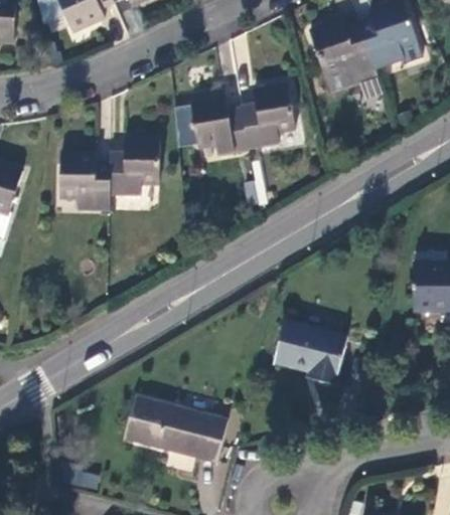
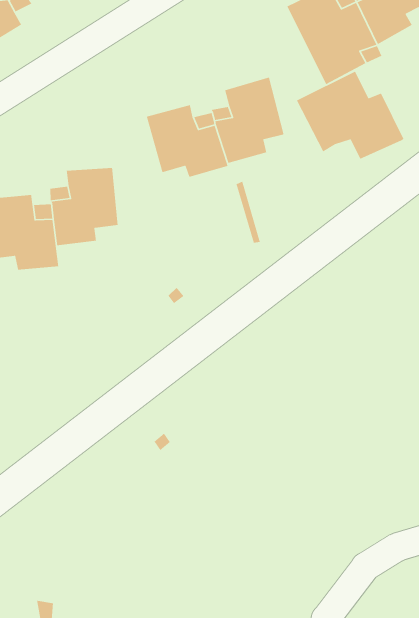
building: none -> [296,70,405,160]
building: [274,322,346,385] -> none
building: [124,396,228,465] -> none

